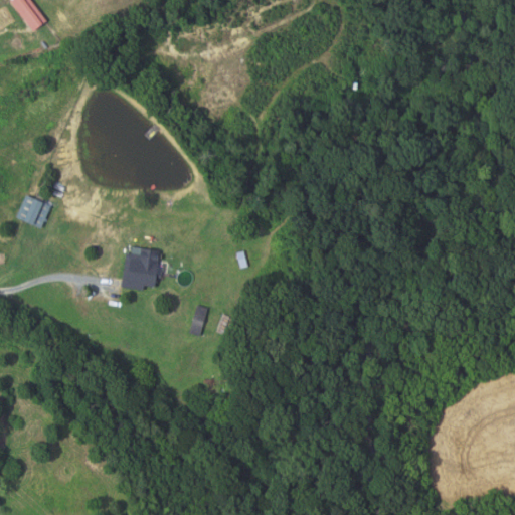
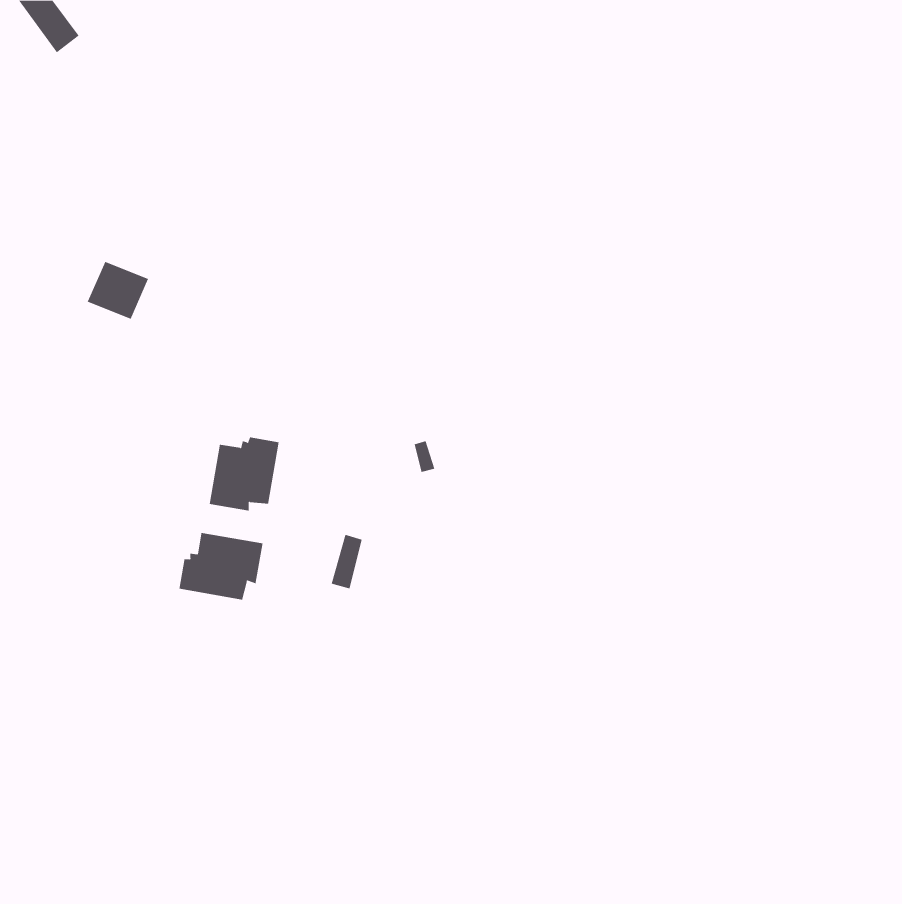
building: [15,195,50,228] -> [87,261,149,320]
building: none -> [179,532,263,600]

